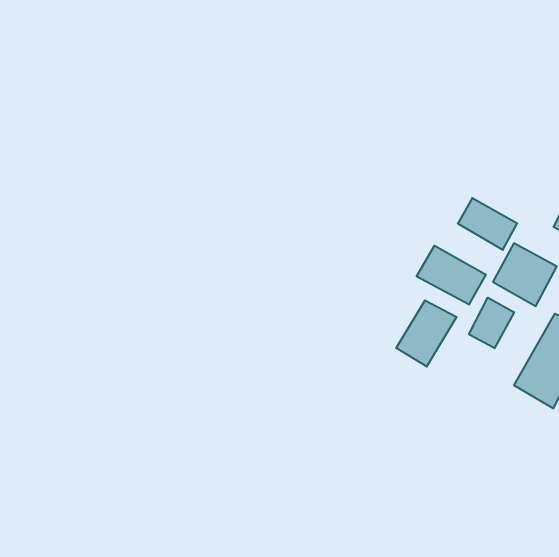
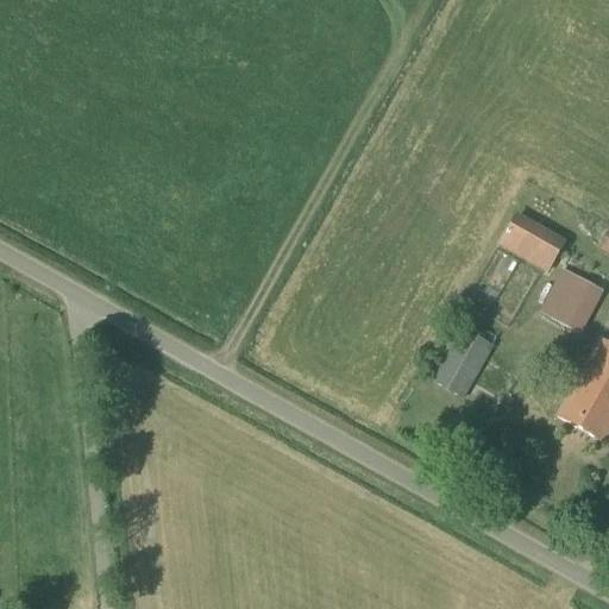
building: [417,246,486,305] -> none
building: [469,298,514,348] -> none

